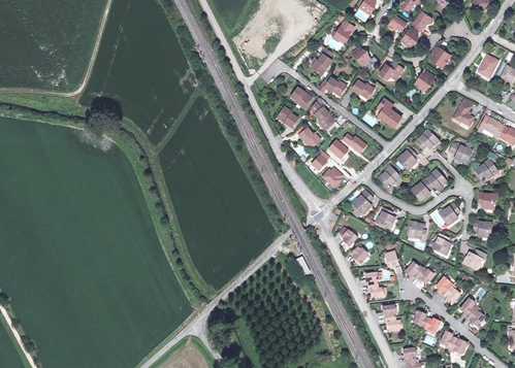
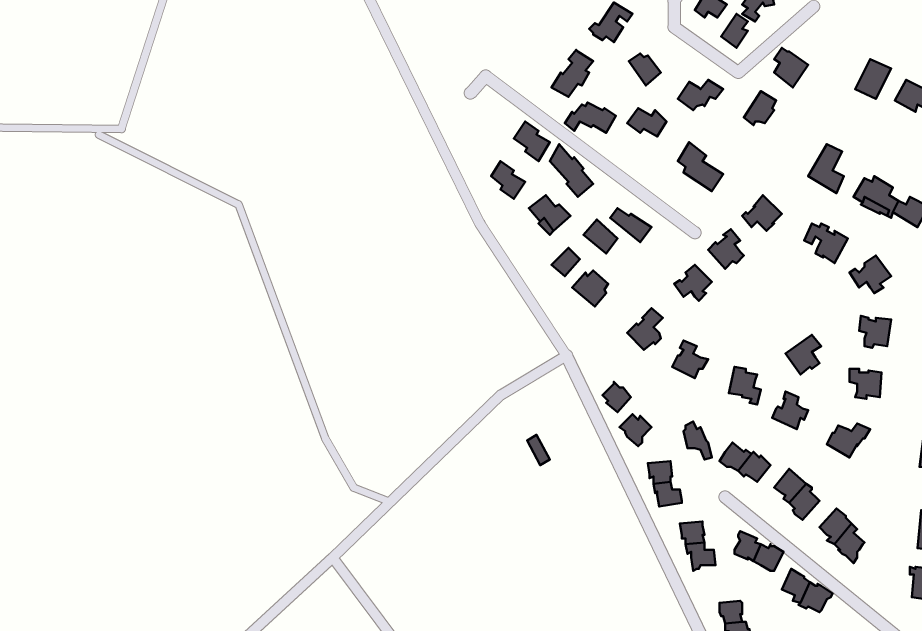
building: [411,168,447,200] -> none

